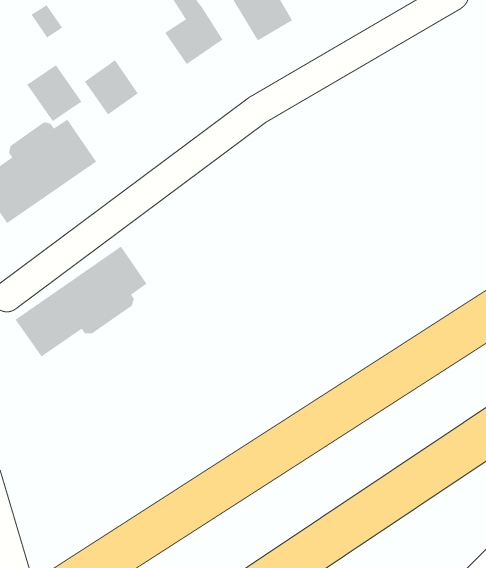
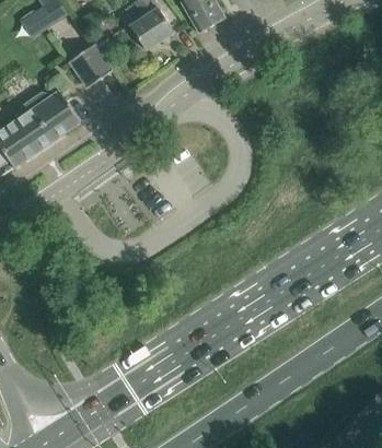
building: [26,64,82,122] -> none
building: [15,246,148,358] -> none

